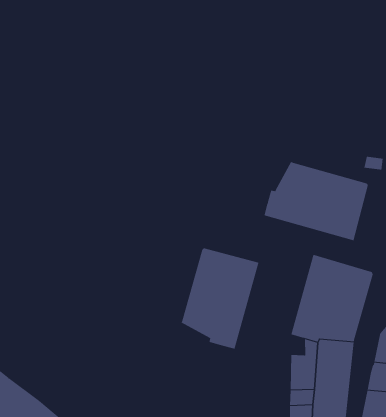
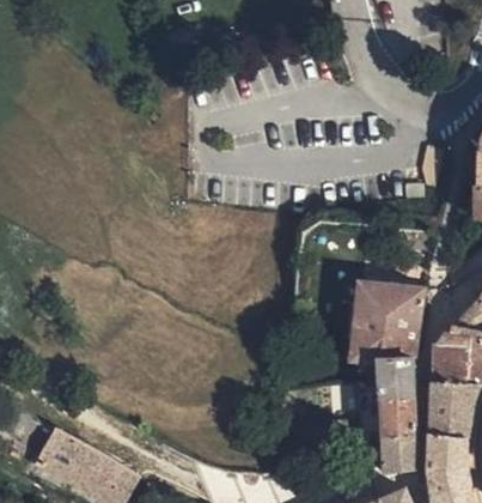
building: [264,161,369,241] -> none
building: [181,248,259,349] -> none

